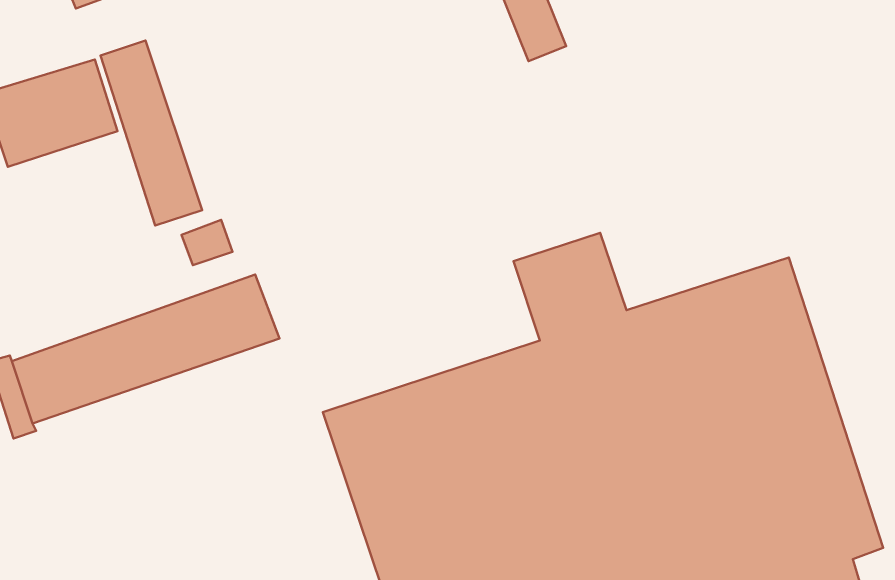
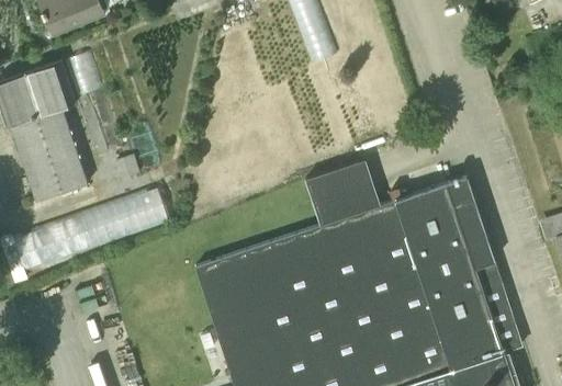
building: none -> [12,107,88,200]

